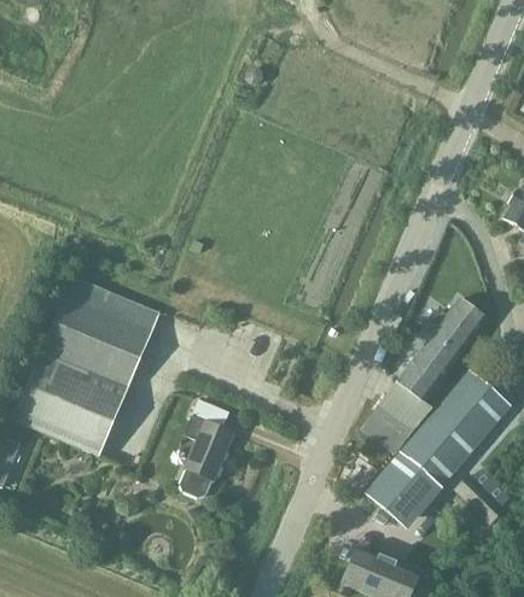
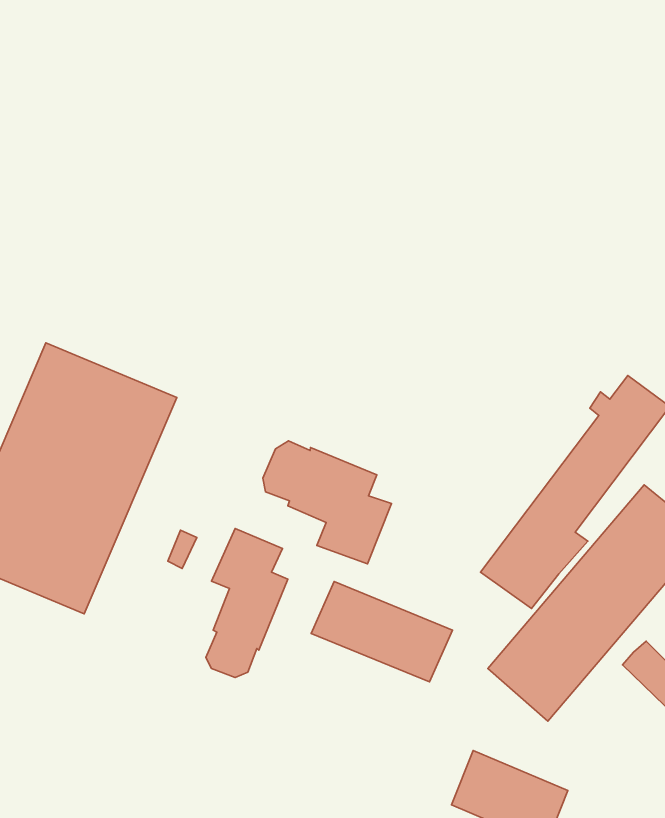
building: none -> [263,441,392,564]
building: none -> [311,582,452,682]

